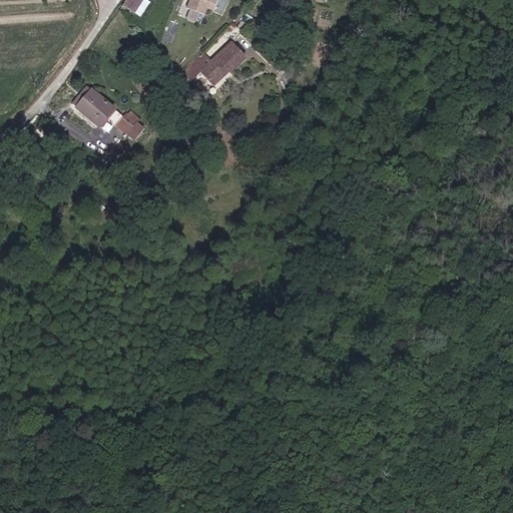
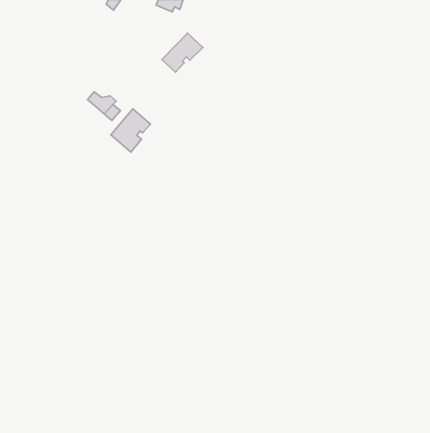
building: [74,87,115,126] -> none
building: none -> [111,109,151,152]

